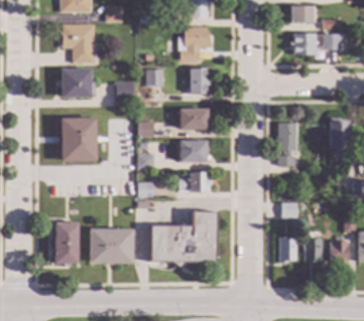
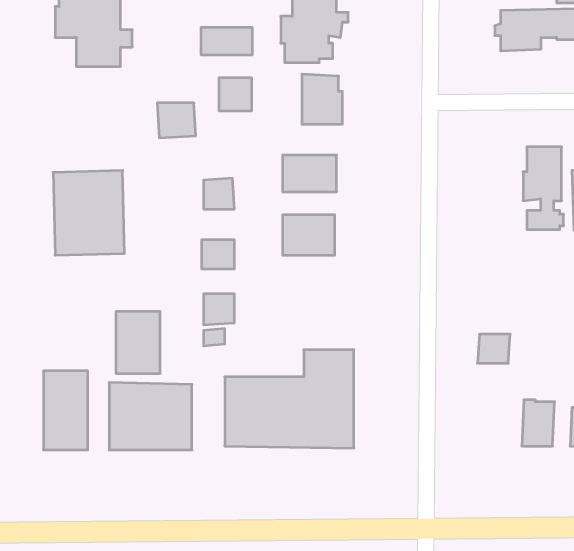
building: none -> [201,27,252,55]
building: [60,67,95,97] -> none
building: [276,122,297,165] -> [523,147,564,230]
building: [177,171,211,191] -> none
building: none -> [116,311,160,374]
building: [279,235,296,262] -> none

